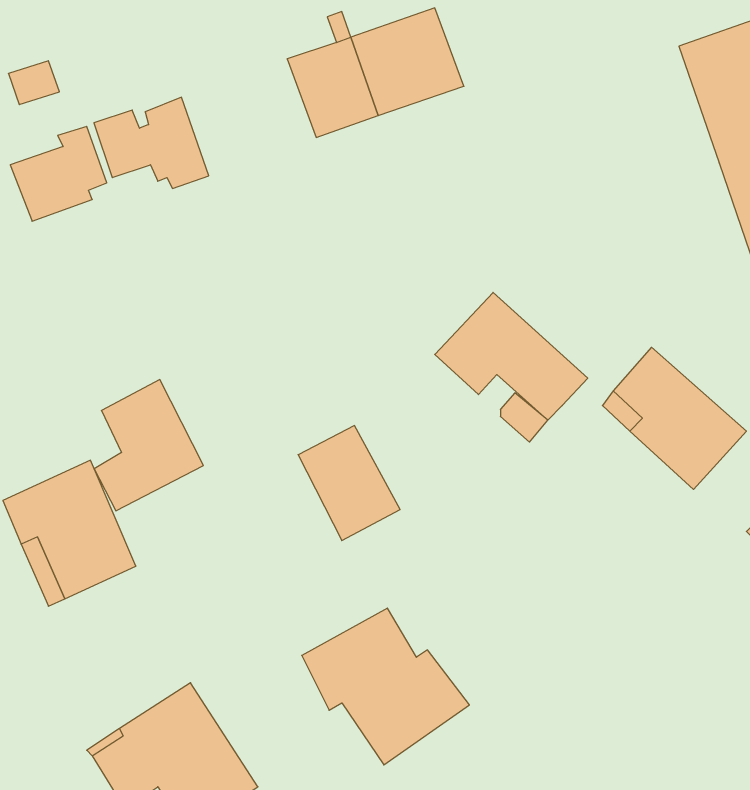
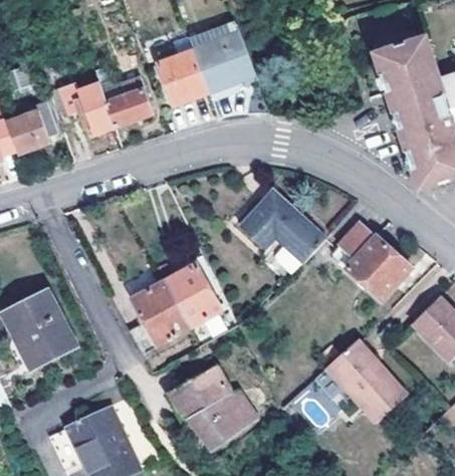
building: none -> [99,75,153,126]
building: [94,380,203,511] -> [129,279,189,351]
building: none -> [326,337,406,421]

